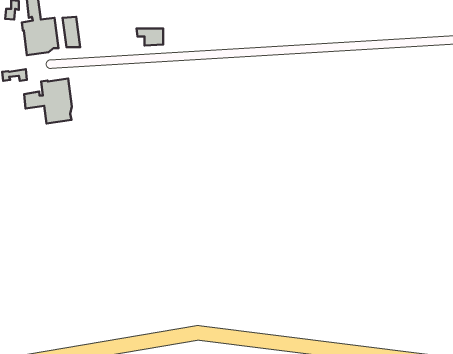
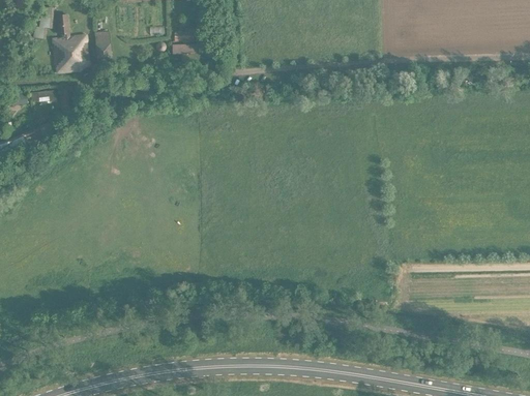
building: [24,78,72,124] -> none

